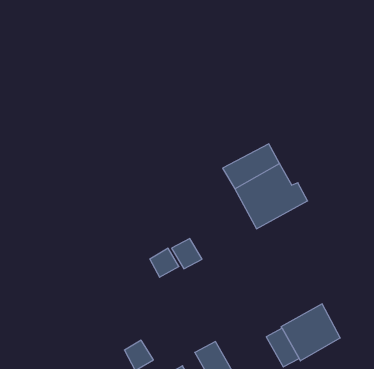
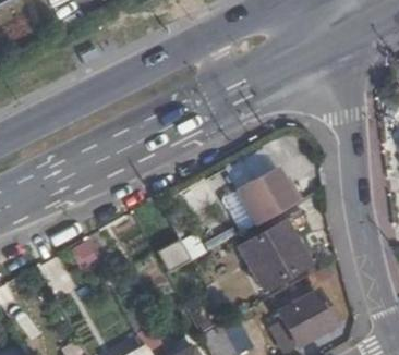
building: none -> [238,223,306,289]

